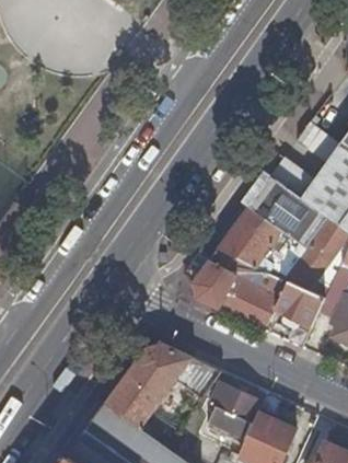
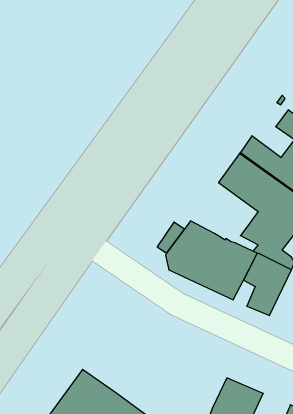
building: [219,207,290,270] -> none
building: [105,344,221,429] -> none
building: [207,383,262,444] -> none

